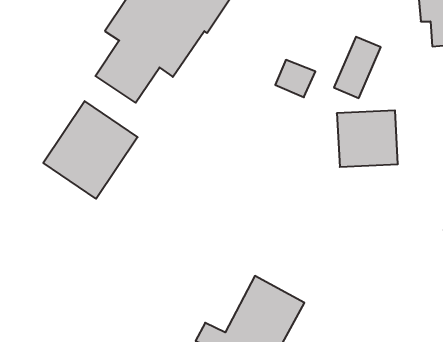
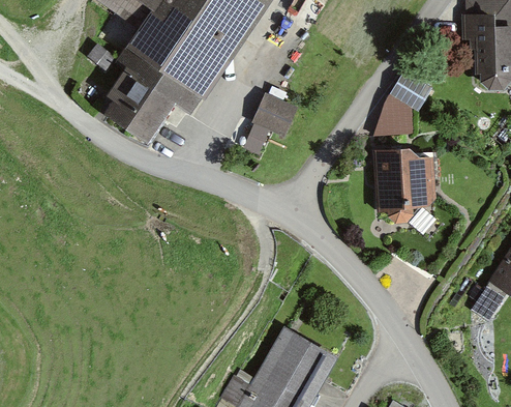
building: [275,60,315,97] -> [253,95,297,136]
building: [43,101,138,199] -> none

